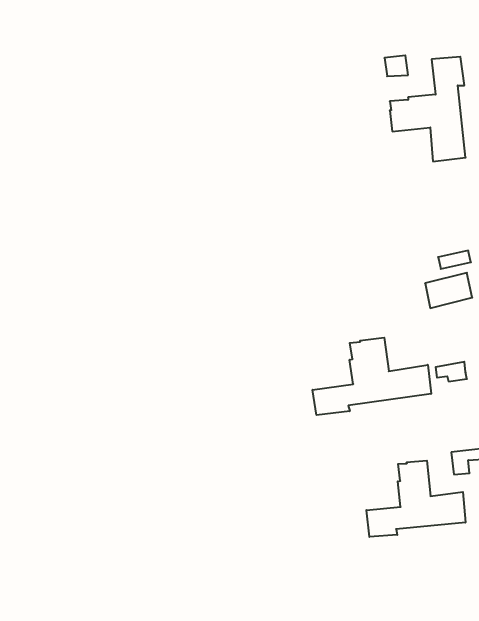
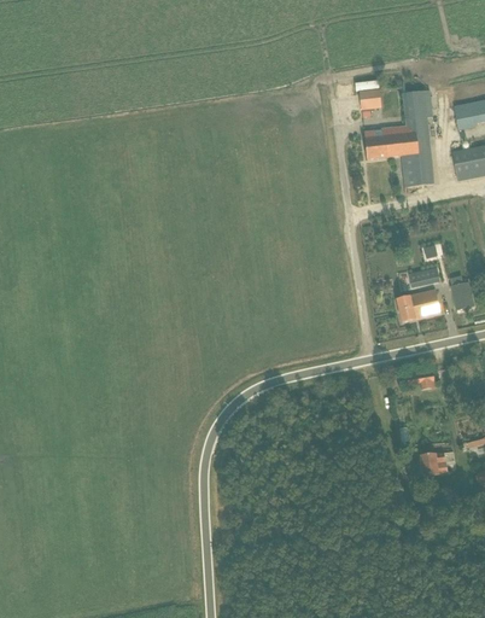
building: [313,338,431,415] -> none
building: [366,461,465,537] -> none

